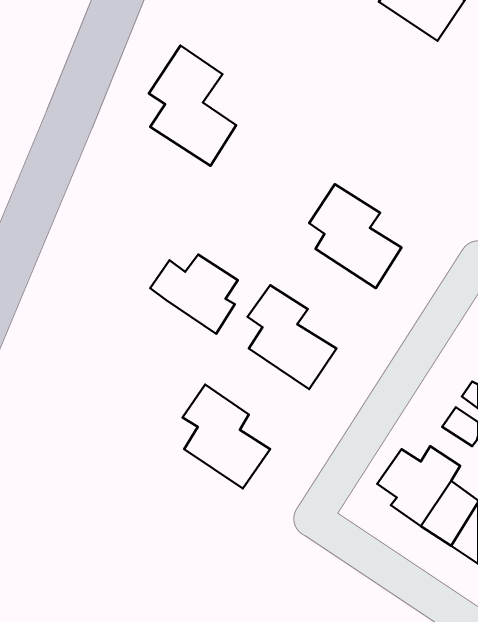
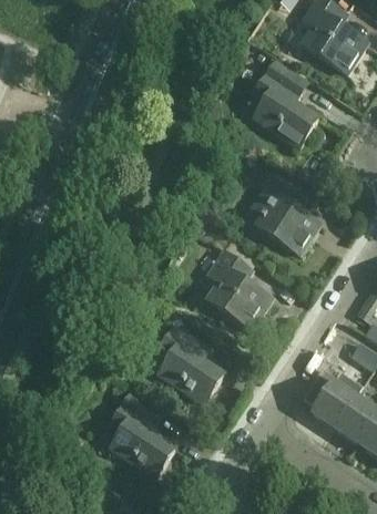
building: [149,45,236,166] -> [253,58,317,146]
building: [150,254,238,334] -> none
building: none -> [110,388,173,476]

